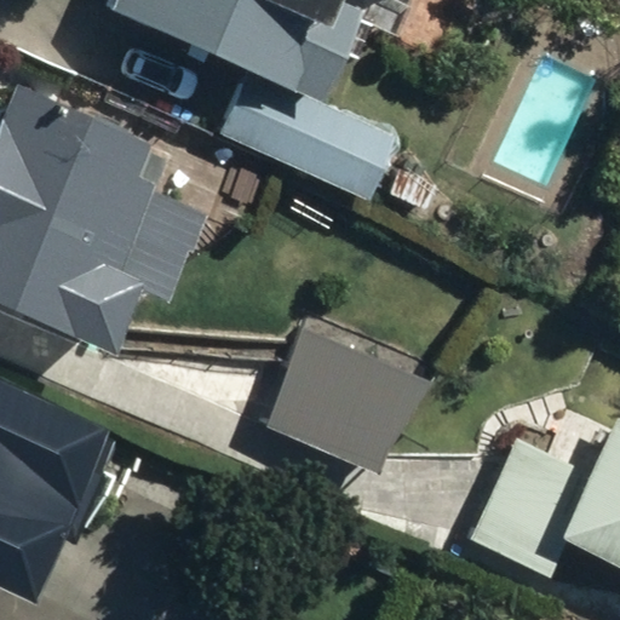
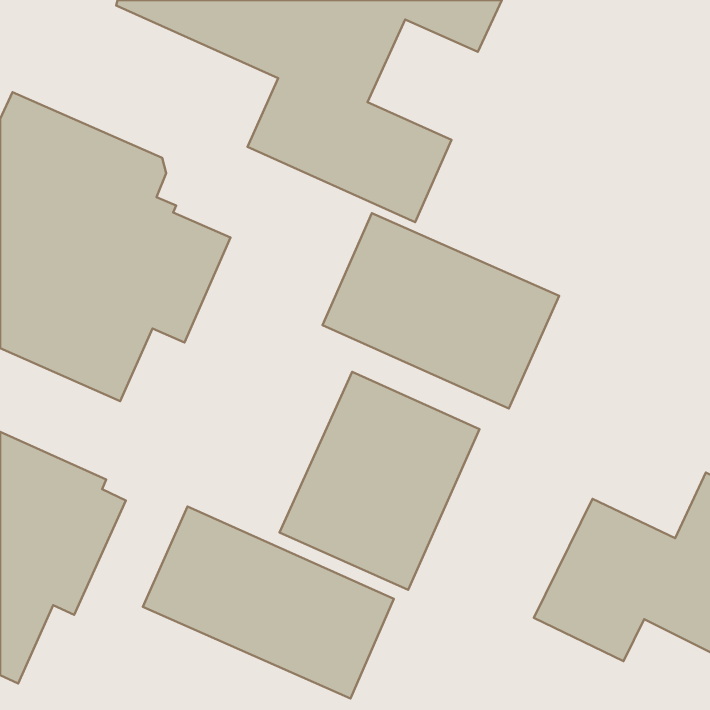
building: none -> [323,213,559,409]
building: none -> [143,507,394,698]

